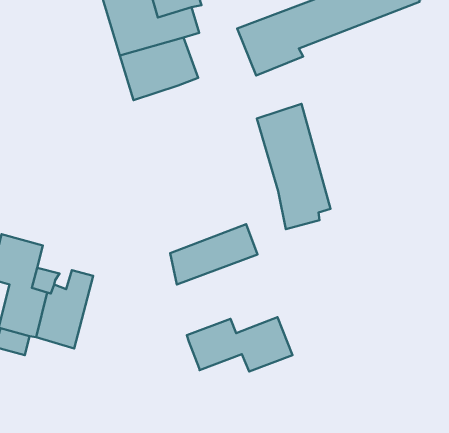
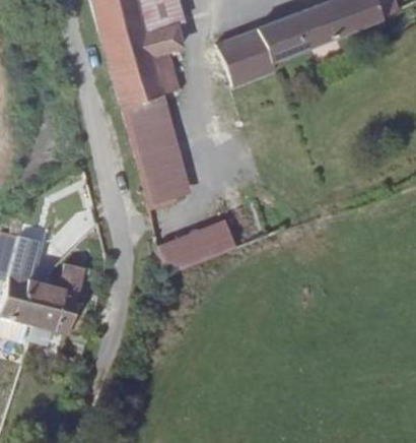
building: [257,104,331,229] -> [123,94,190,208]
building: [187,317,293,371] -> none

